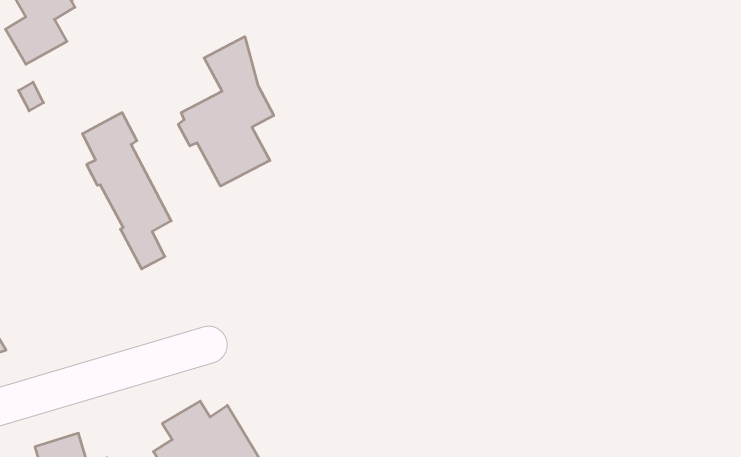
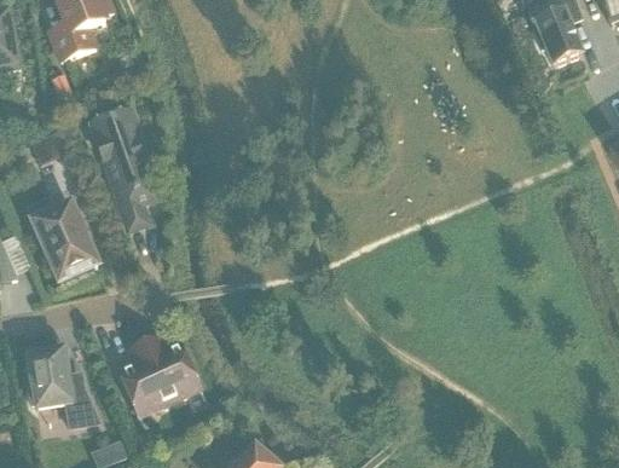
building: [178,37,274,186] -> none
building: none -> [33,202,96,278]

